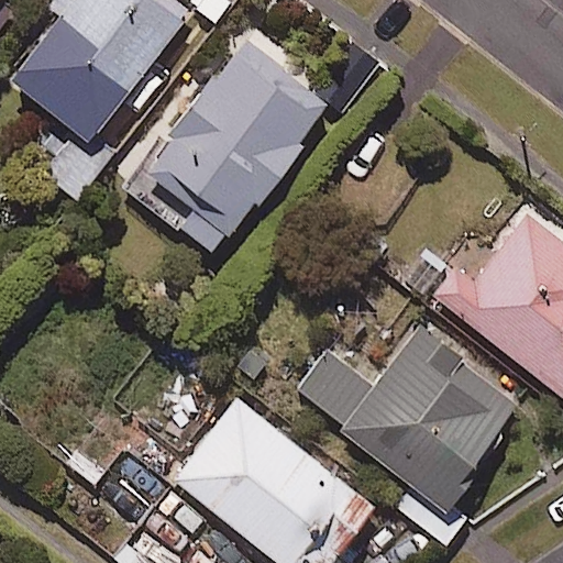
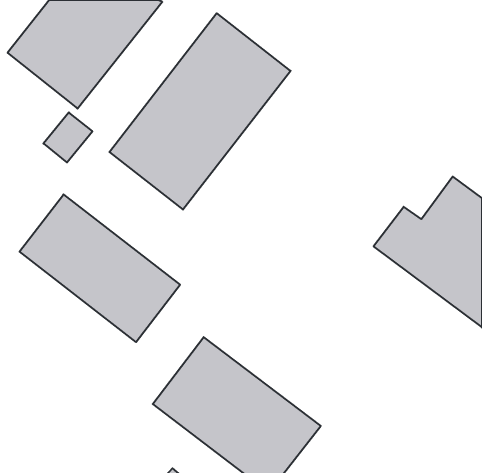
building: none -> [20,194,180,342]
building: [298,330,518,511] -> none

